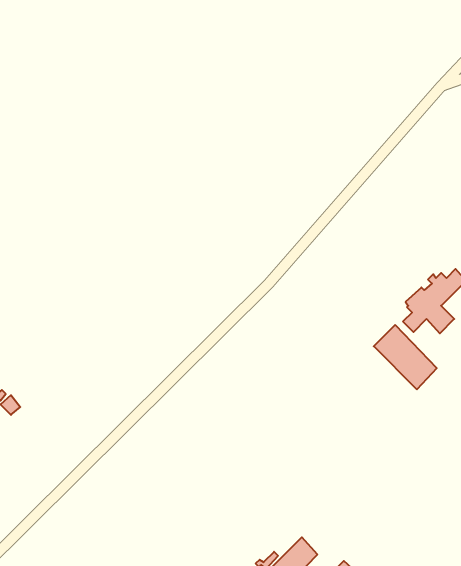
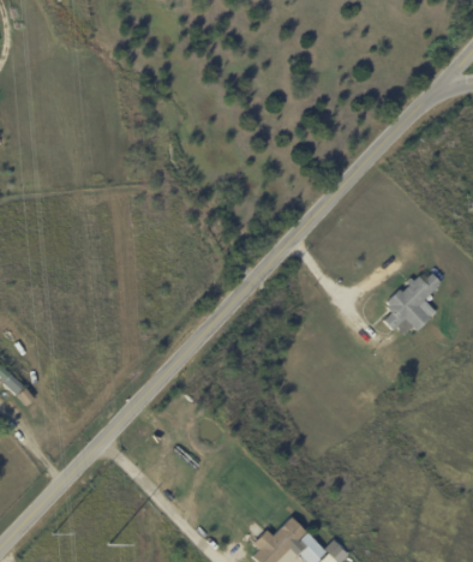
building: [374,325,437,389] -> none

